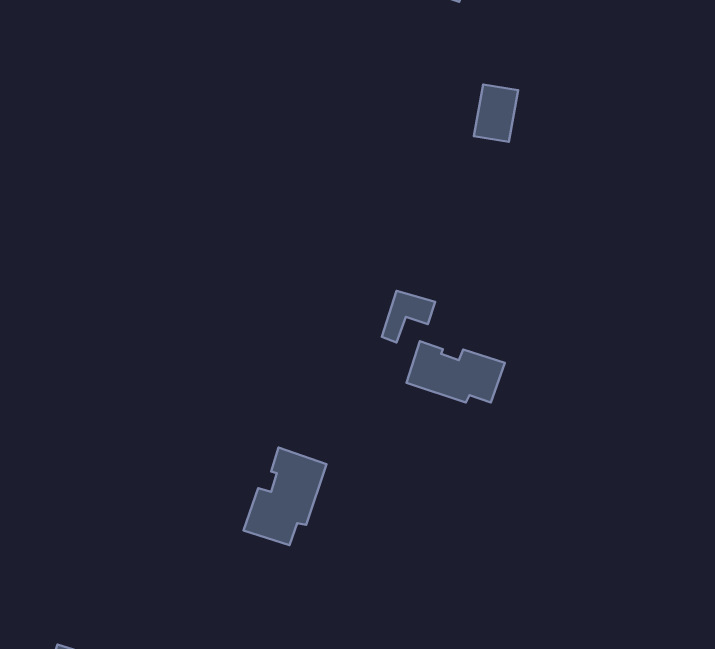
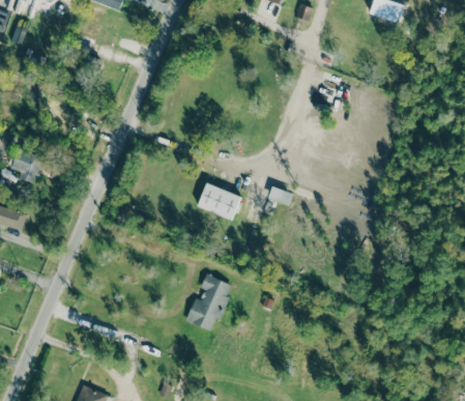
building: none -> [197,182,241,220]
building: [407,341,505,403] -> none

